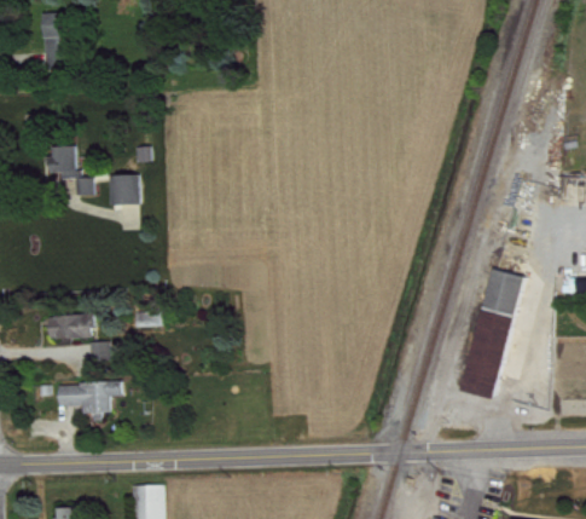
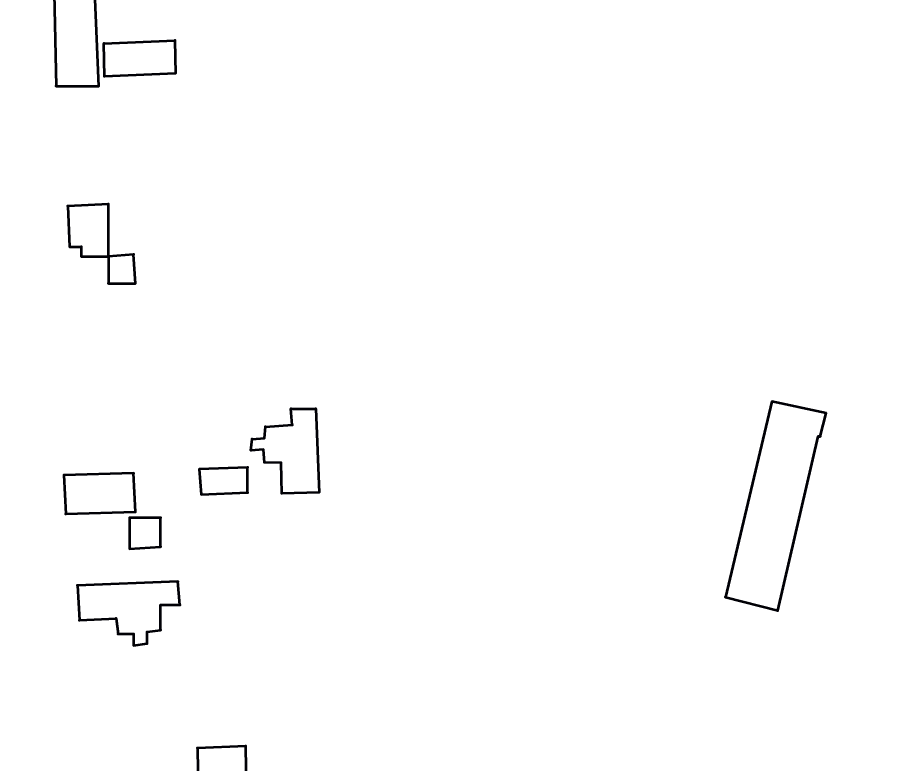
building: none -> [104,40,175,76]
building: [109,175,139,204] -> none
building: none -> [251,409,319,493]

